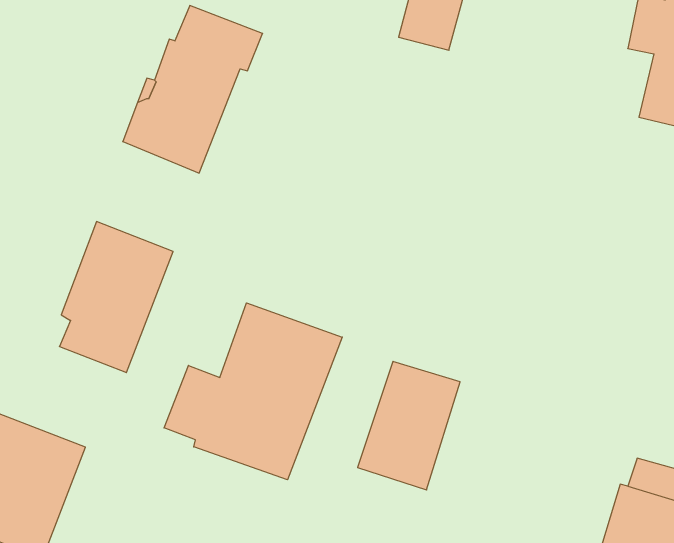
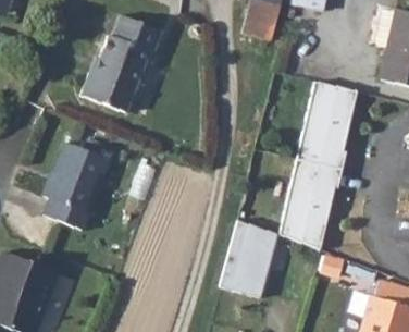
building: none -> [280,83,357,248]
building: [164,303,342,480] -> none

